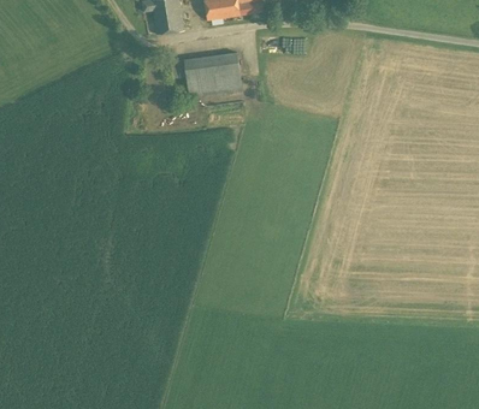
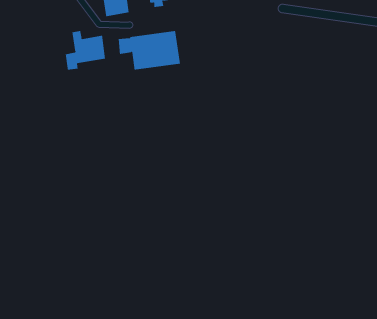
building: none -> [65,30,106,71]

